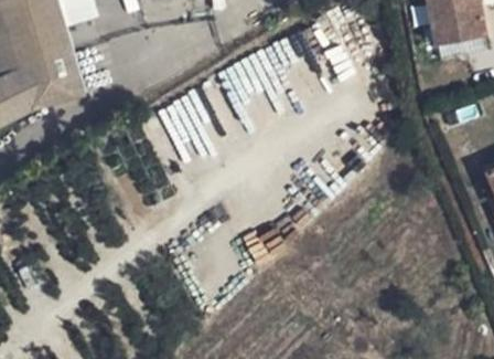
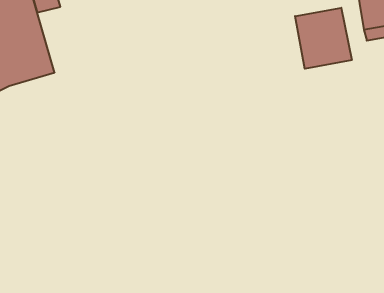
building: none -> [295,8,352,69]

